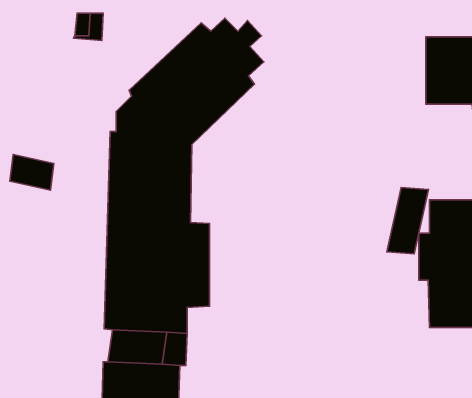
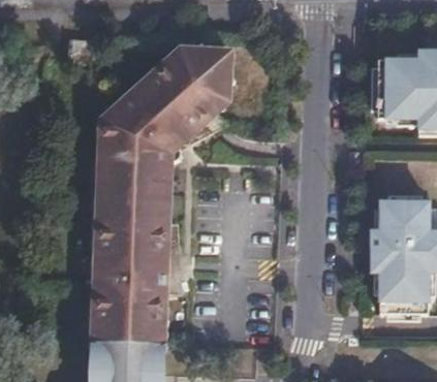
building: [10,154,54,190] -> none
building: [387,188,429,254] -> none

